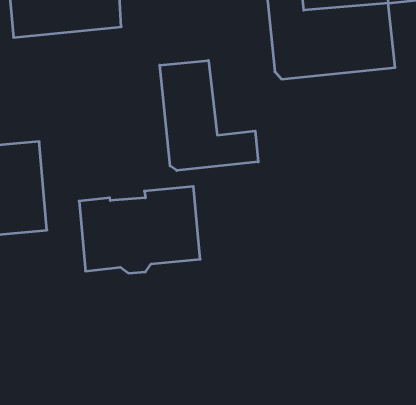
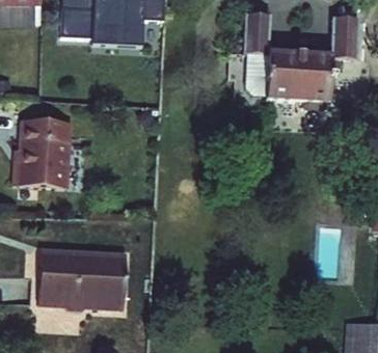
building: [160,60,258,171] -> none
building: [79,186,200,273] -> [43,250,131,309]

